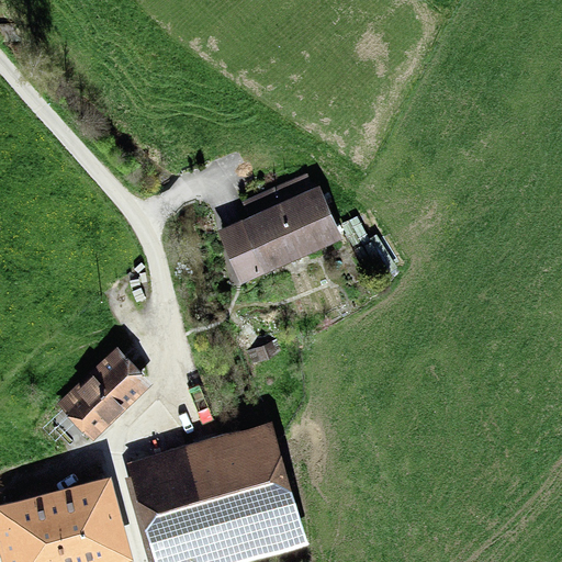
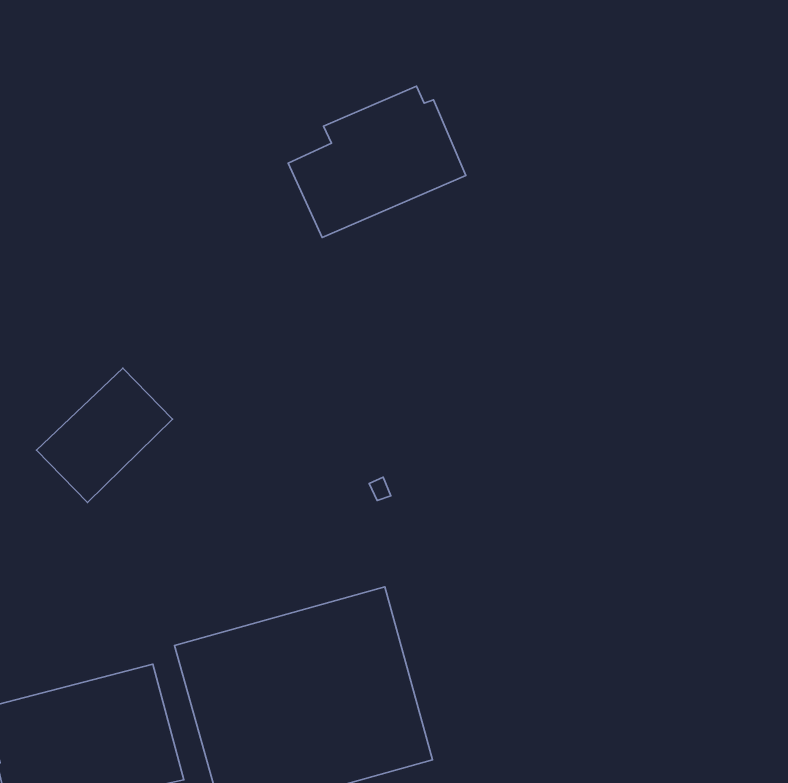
building: [216,177,342,284] -> [288,86,466,237]
building: [56,347,153,442] -> [36,368,172,503]

